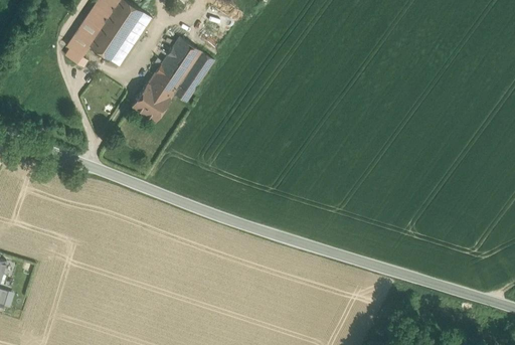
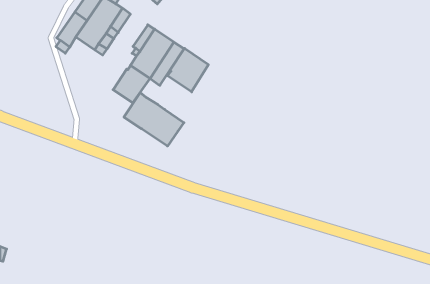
building: none -> [168,48,208,92]
building: none -> [124,93,184,146]

